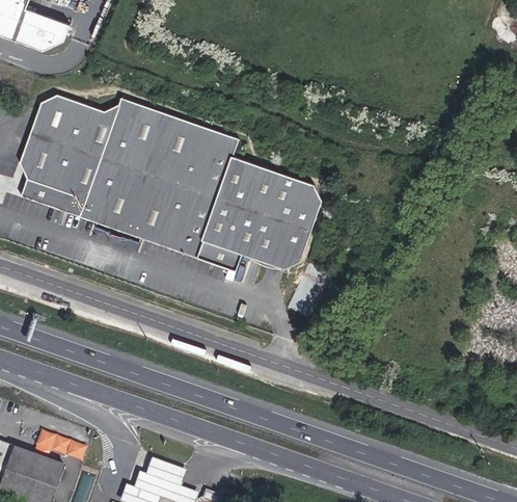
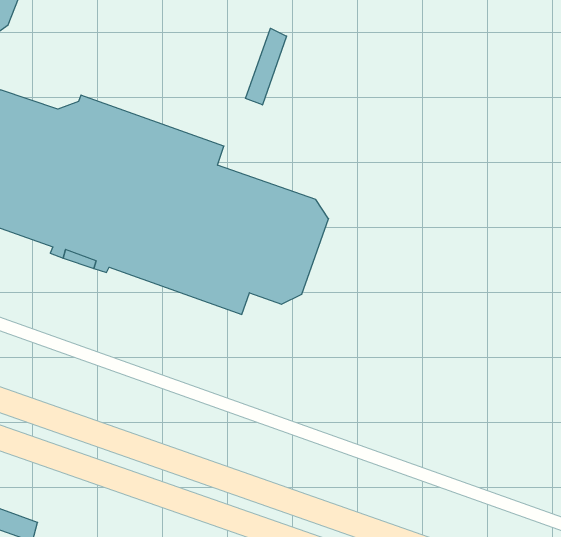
building: none -> [245,28,287,105]

